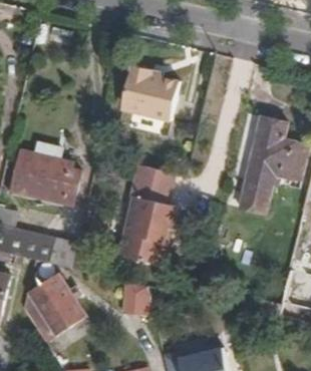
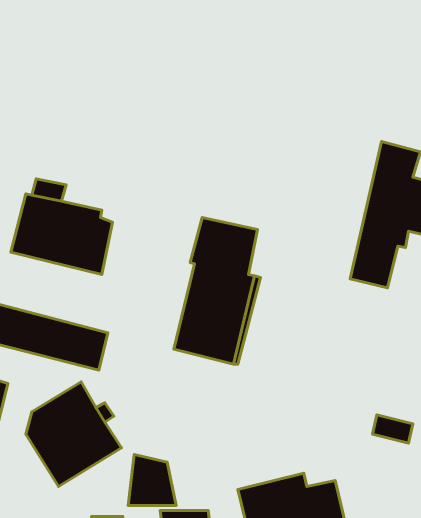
building: [120,65,179,121] -> none
building: [118,283,150,317] -> [128,455,176,505]

